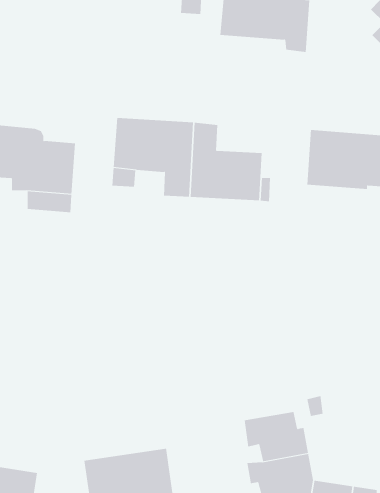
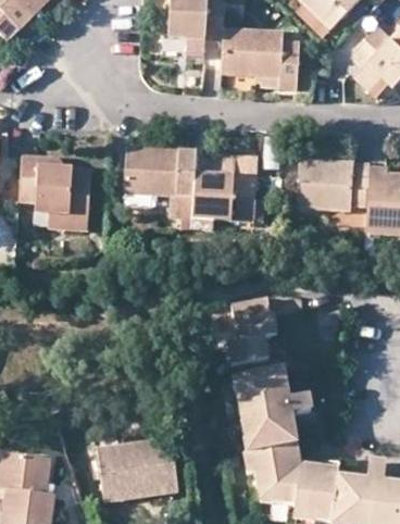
building: none -> [215,152,258,177]
building: none -> [226,295,270,363]
building: none -> [234,369,286,414]

